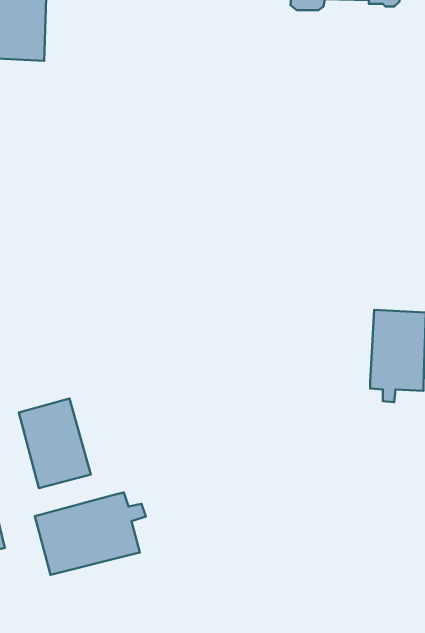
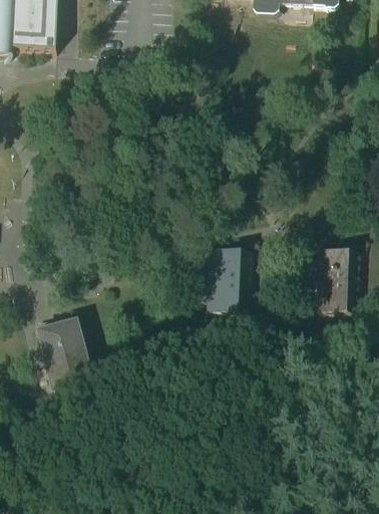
building: none -> [206,247,250,311]
building: [35,492,146,575] -> none

